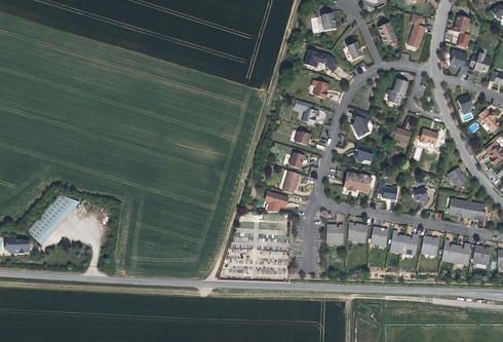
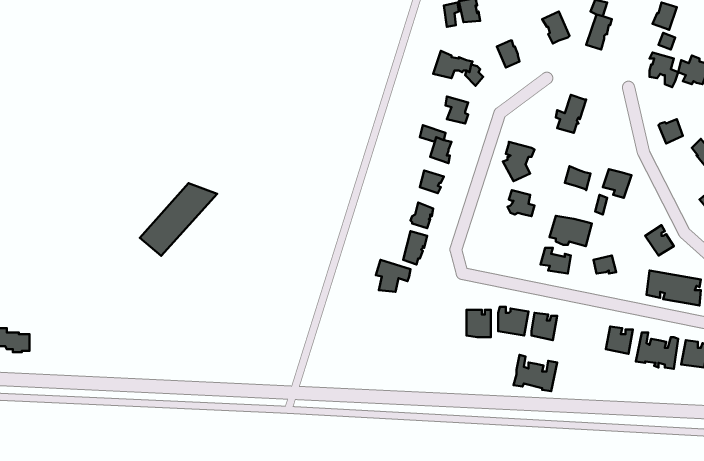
building: [343,172,372,192] -> [550,216,592,246]
building: [27,194,79,243] -> [140,183,217,256]
building: [389,229,419,254] -> [513,355,557,391]

